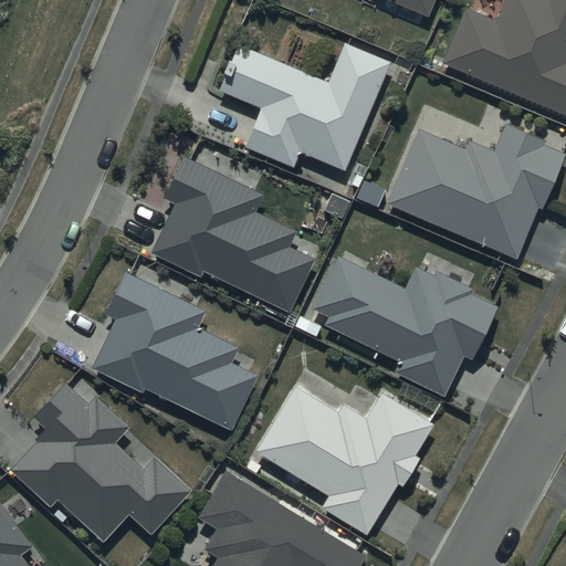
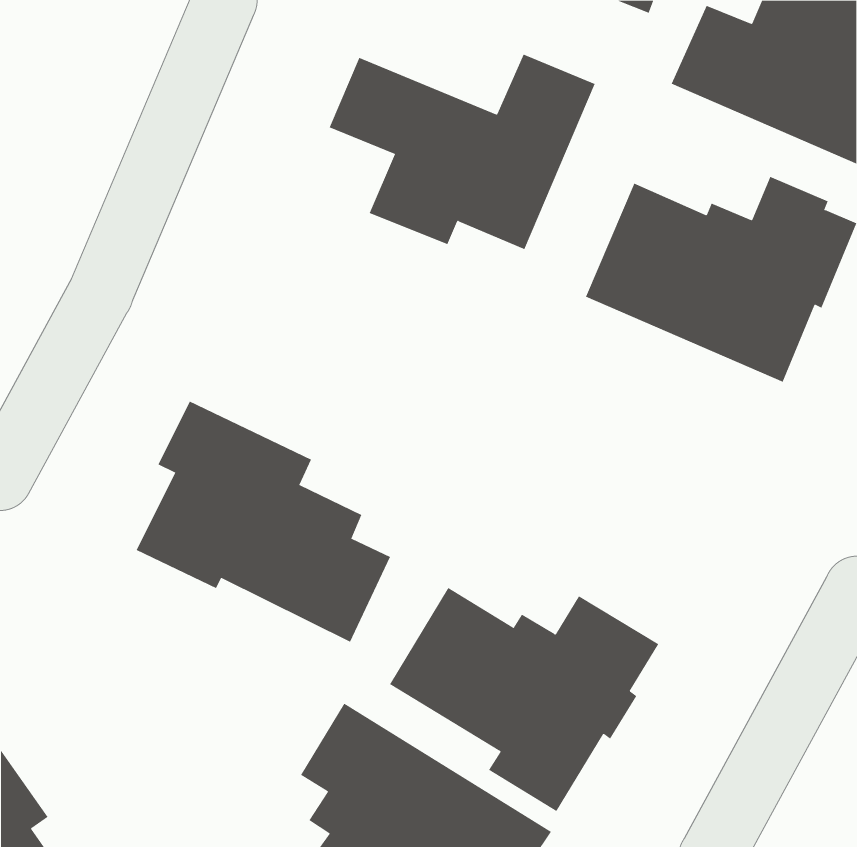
building: [150,156,315,313] -> none
building: [311,254,497,396] -> none
building: [12,381,190,542] -> none

